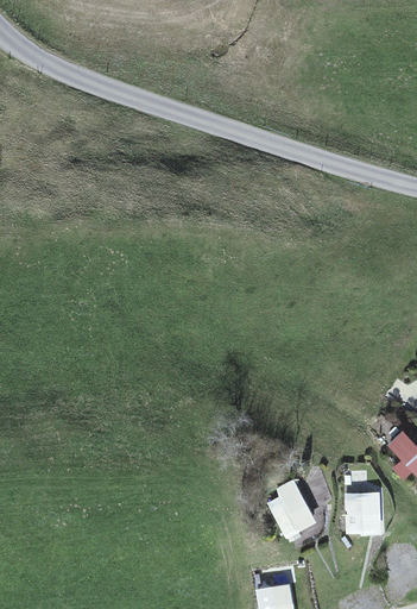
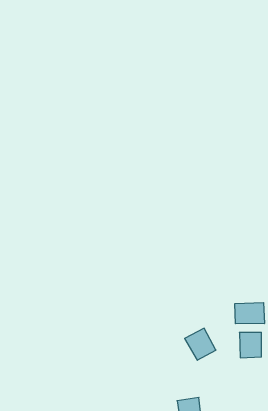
building: none -> [235,303,264,324]

